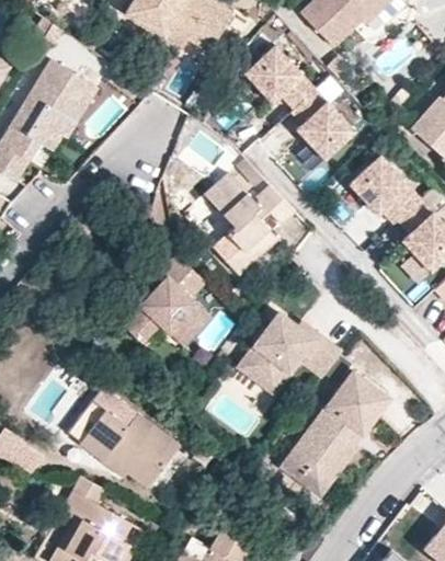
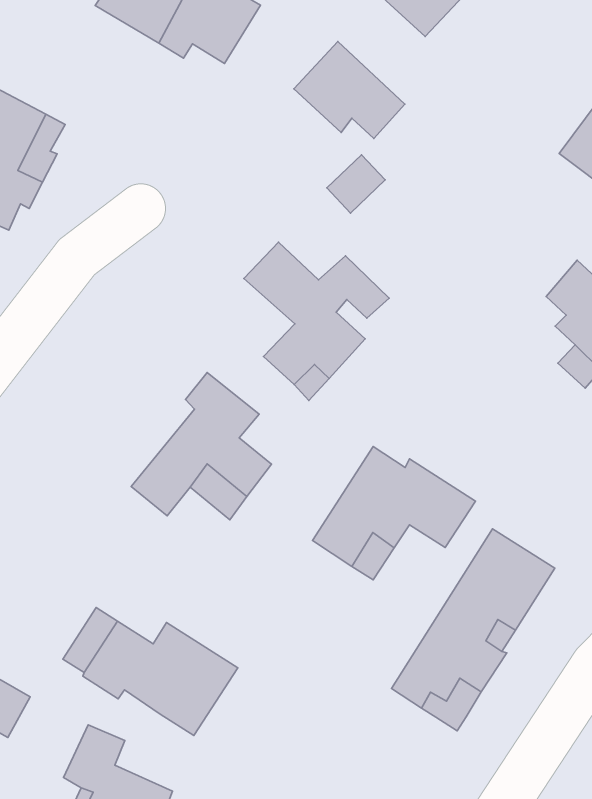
building: [290,88,355,159] -> none
building: [350,154,420,222] -> none

